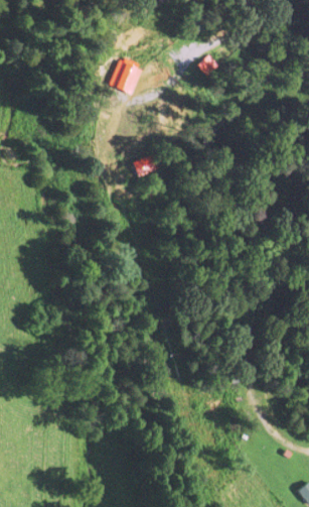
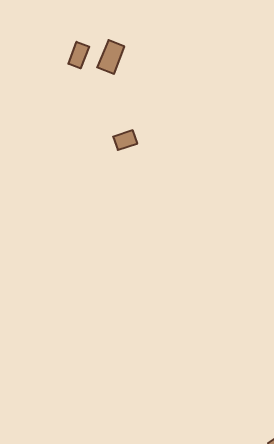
building: none -> [68,42,89,68]

